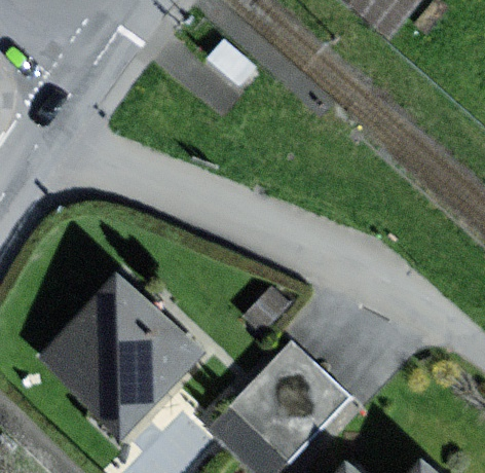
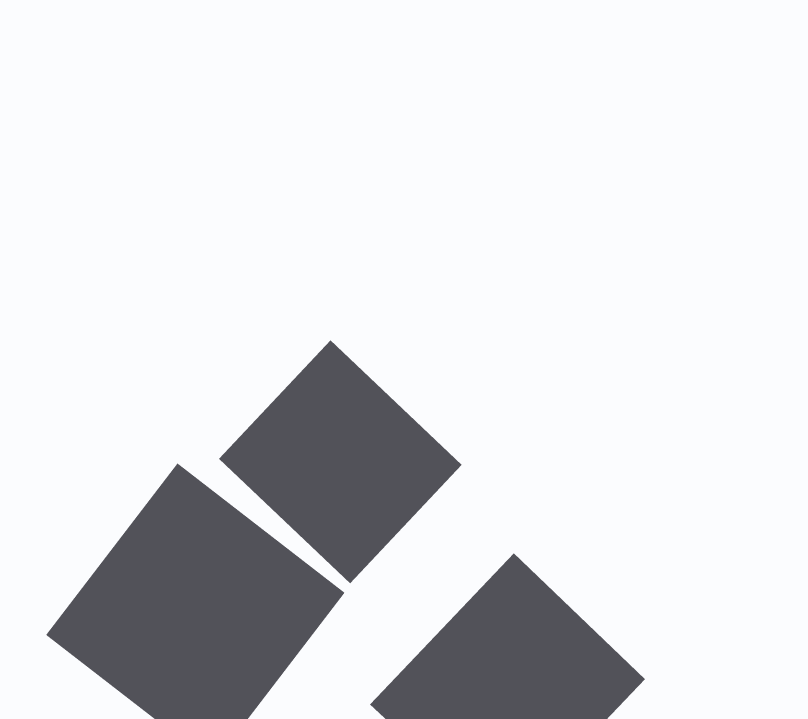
building: none -> [218,339,463,584]

